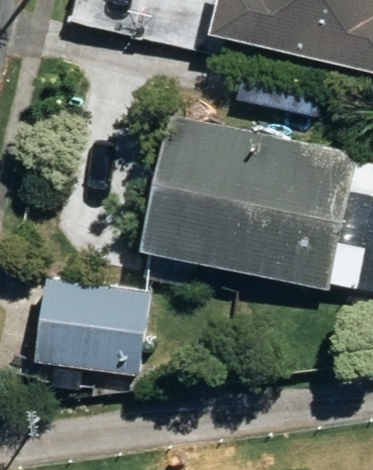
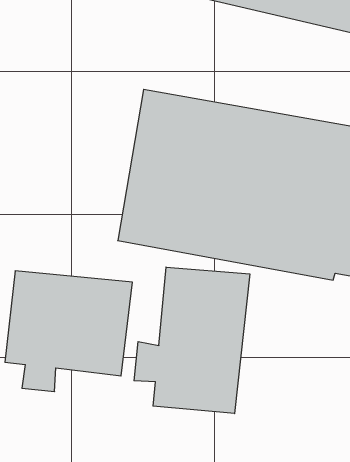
building: none -> [134,267,250,414]

